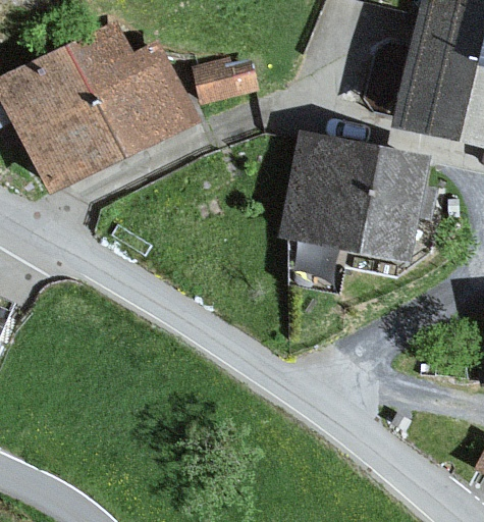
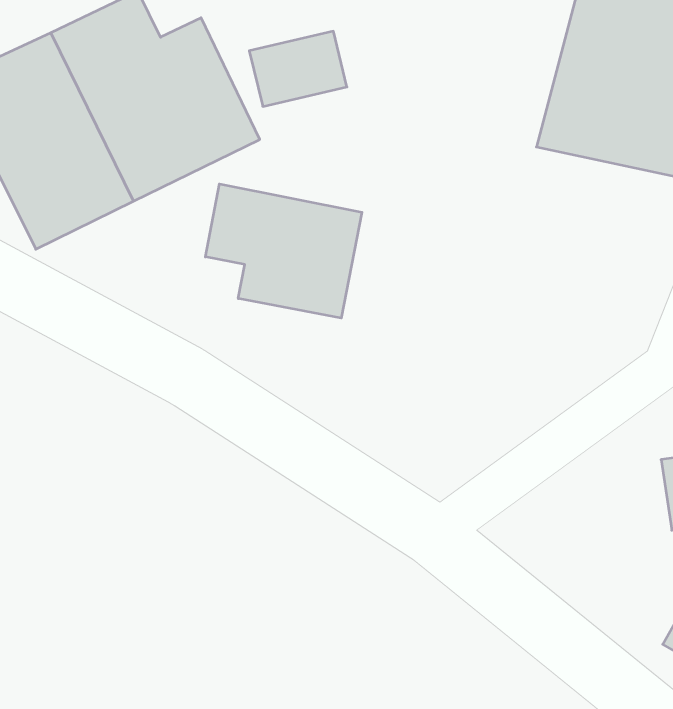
building: [280,132,439,260] -> none
building: none -> [205,184,362,318]

